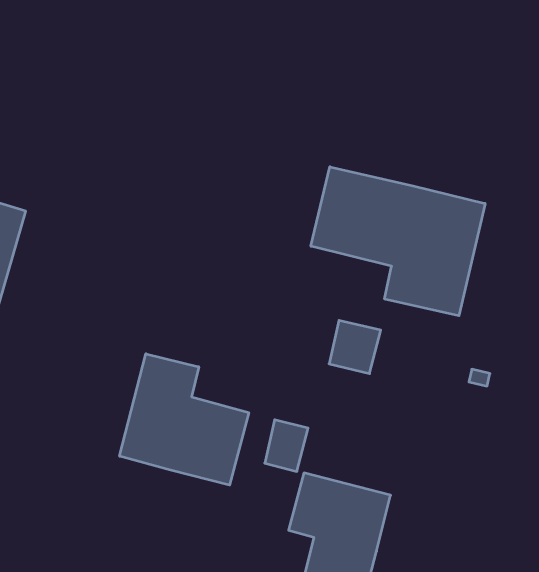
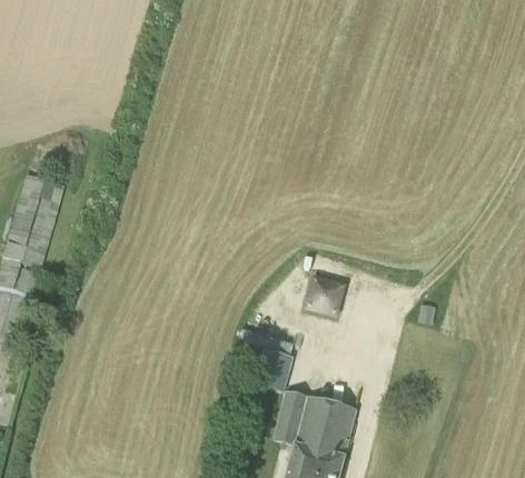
building: [311,167,485,316] -> none
building: [120,354,249,485] -> none

